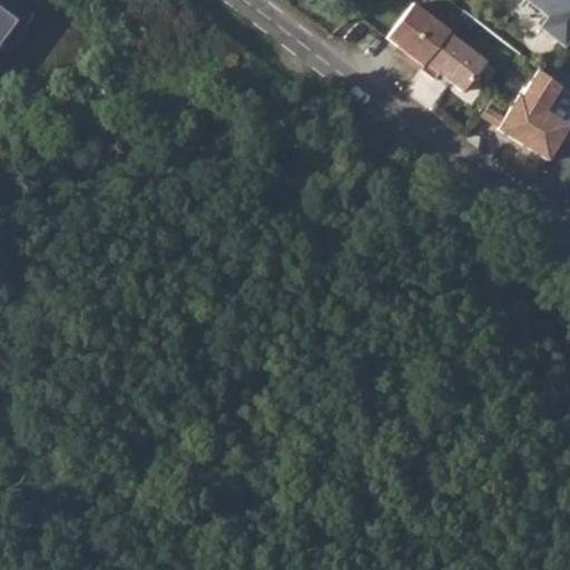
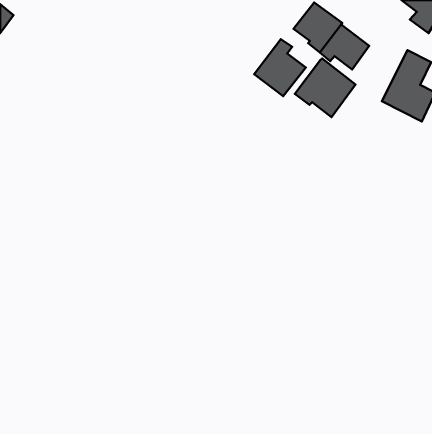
building: none -> [254,39,306,96]
building: none -> [295,58,355,117]

